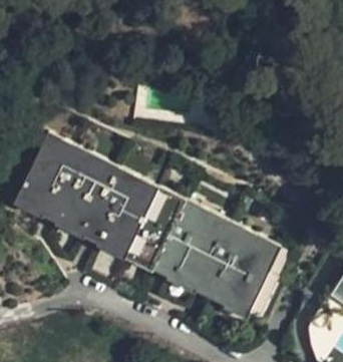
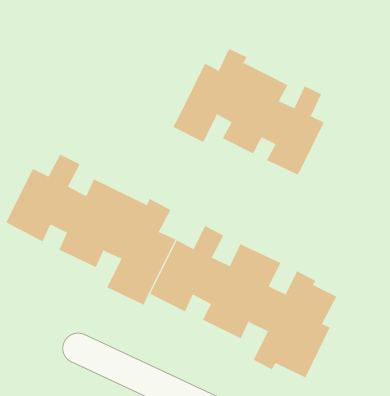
building: none -> [172,48,324,176]

